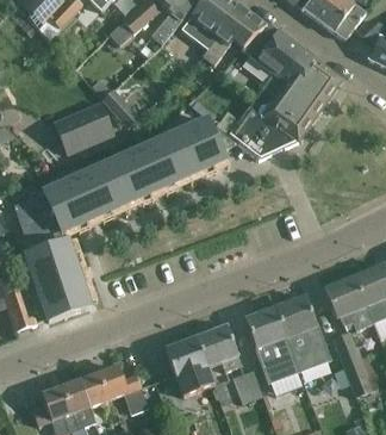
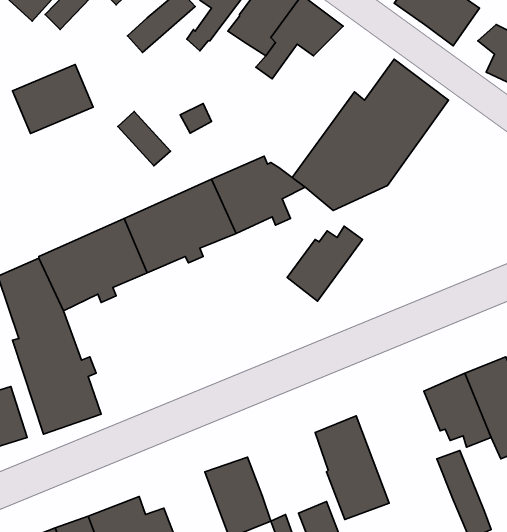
building: [242,23,303,79] -> none
building: [55,102,113,153] -> [12,64,93,134]
building: none -> [287,226,363,301]
building: [275,297,329,371] -> none
building: [197,325,241,371] -> none

